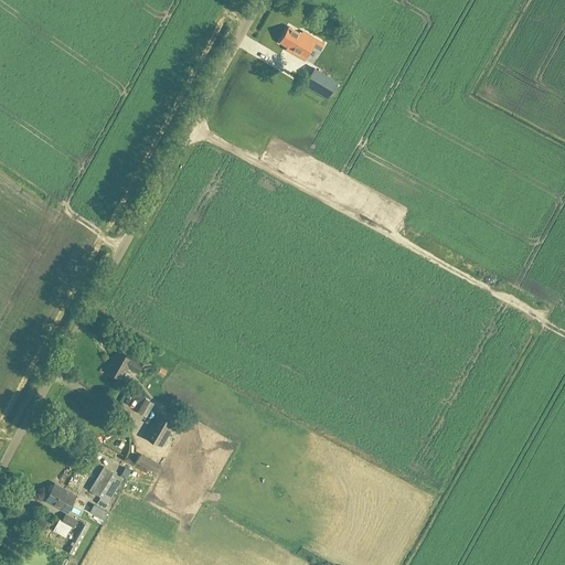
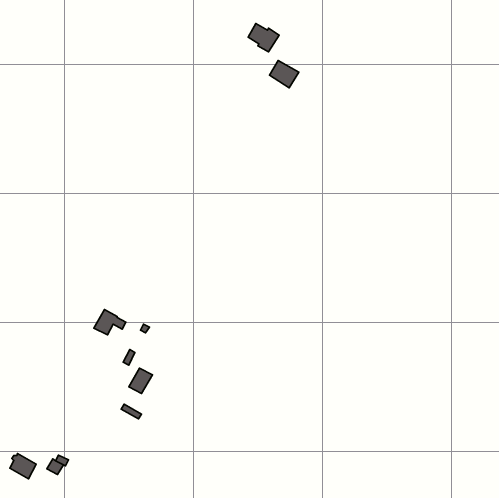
building: [89,468,122,502] -> none
building: [46,484,76,513] -> [10,454,36,479]

